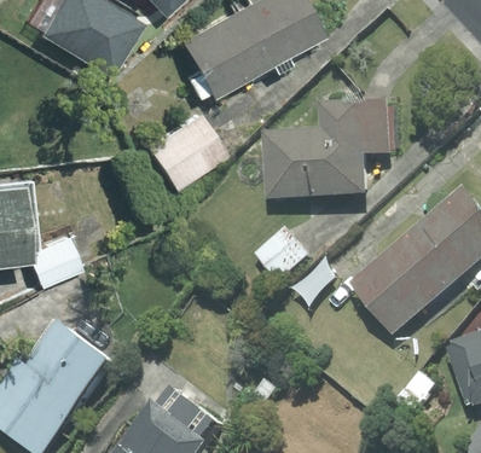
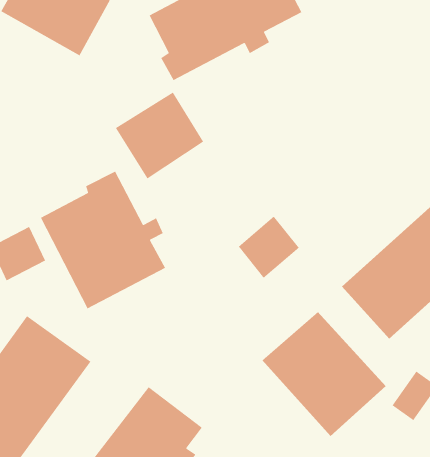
building: [267,99,393,196] -> none
building: none -> [40,171,166,309]
building: none -> [262,311,386,437]

